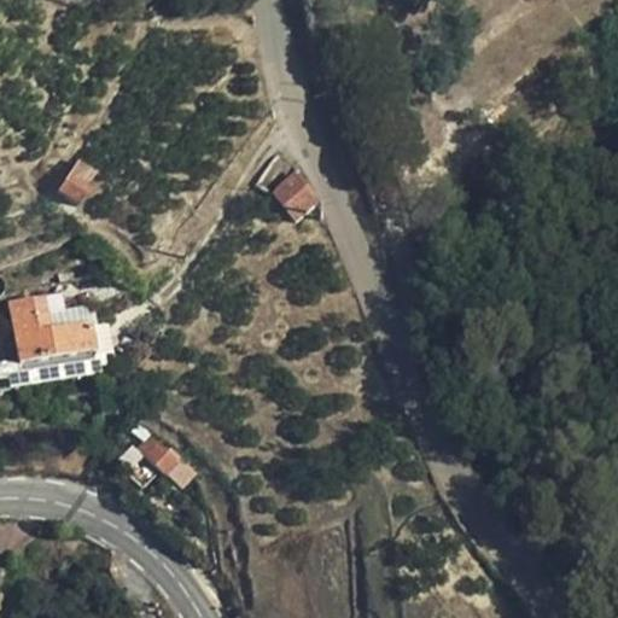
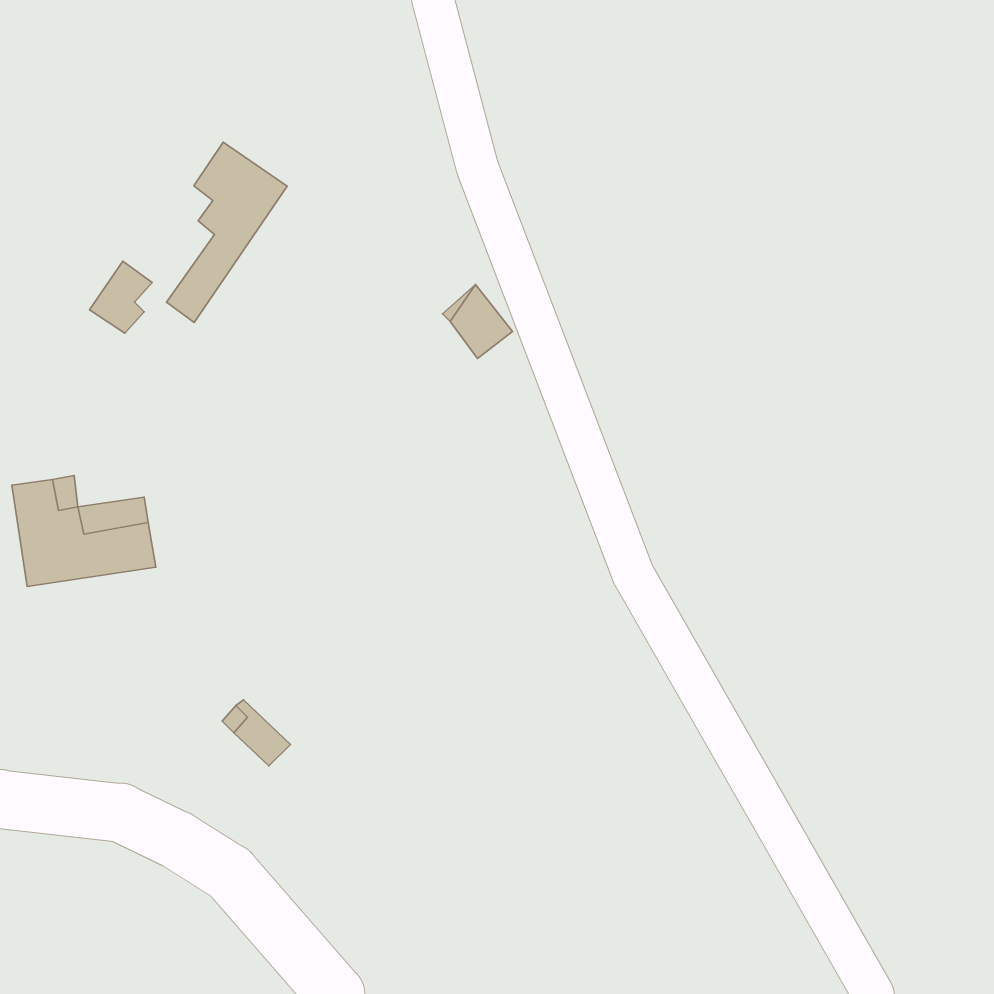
building: none -> [167,142,287,323]

